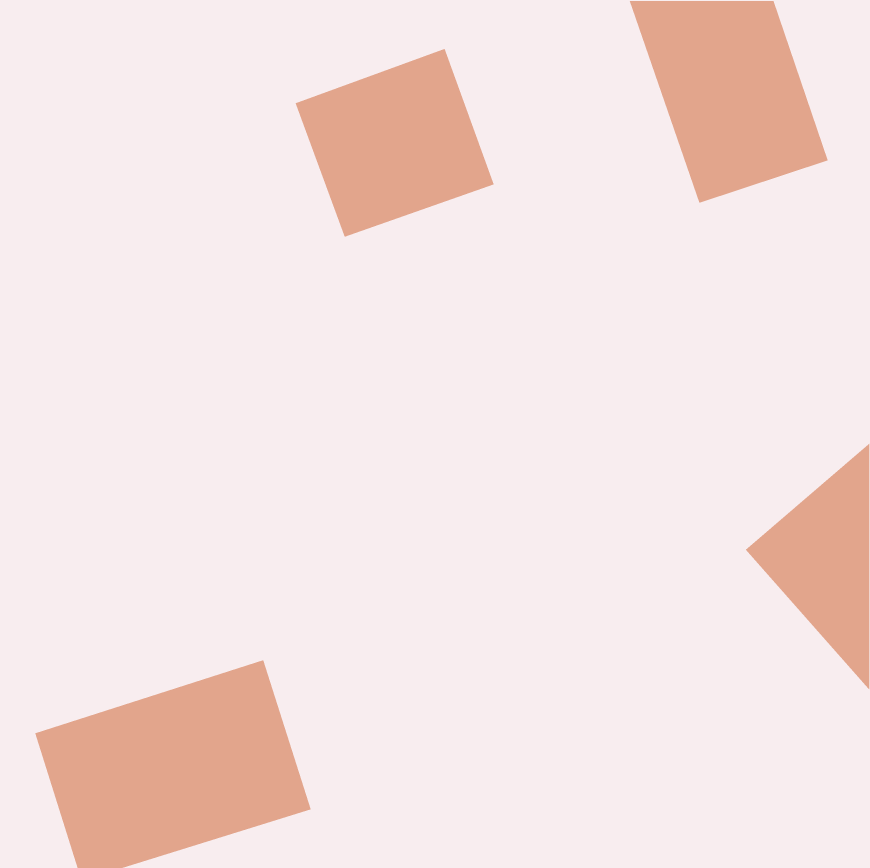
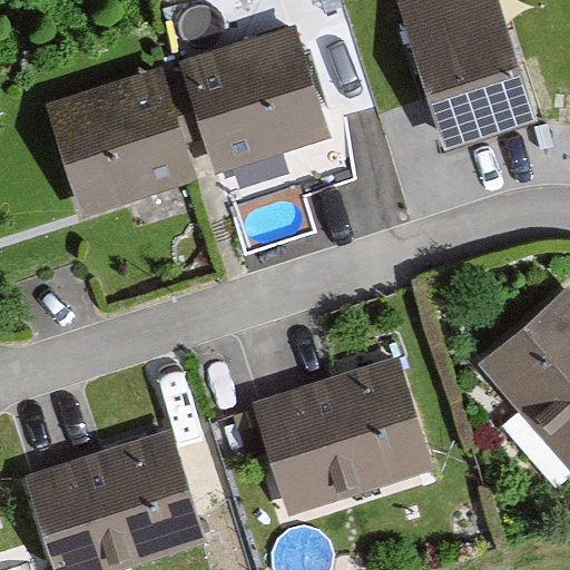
building: none -> [53,76,188,203]
building: none -> [247,362,419,507]

